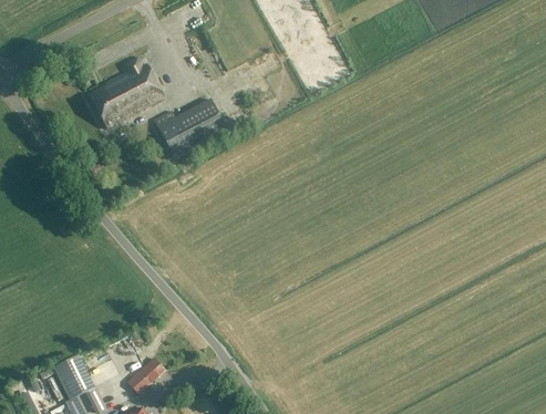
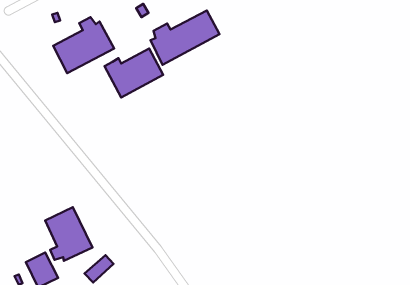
building: none -> [150,10,220,65]
building: none -> [45,207,92,261]

